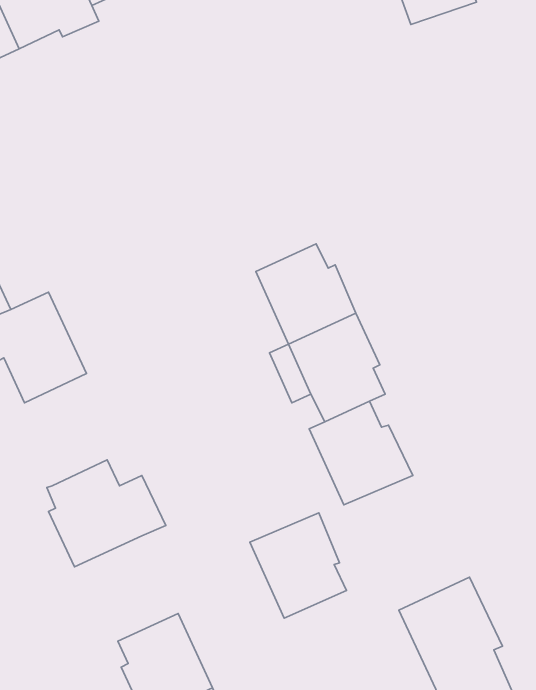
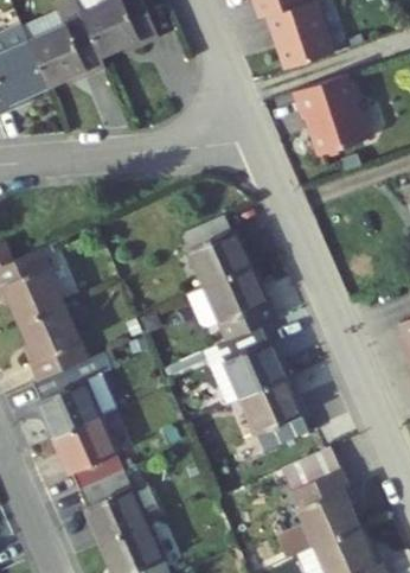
building: none -> [294,74,369,154]
building: none -> [23,308,90,386]
building: [250,513,346,618] -> [242,378,308,451]
building: none -> [57,420,128,492]

